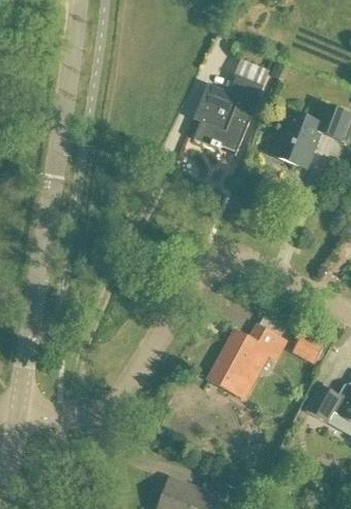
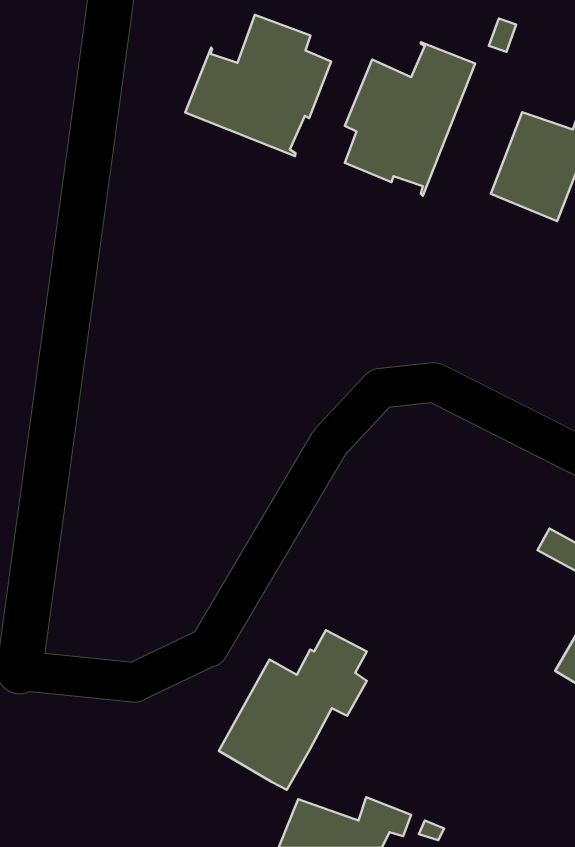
building: none -> [185,15,331,156]
building: [209,314,288,399] -> [219,630,367,790]

